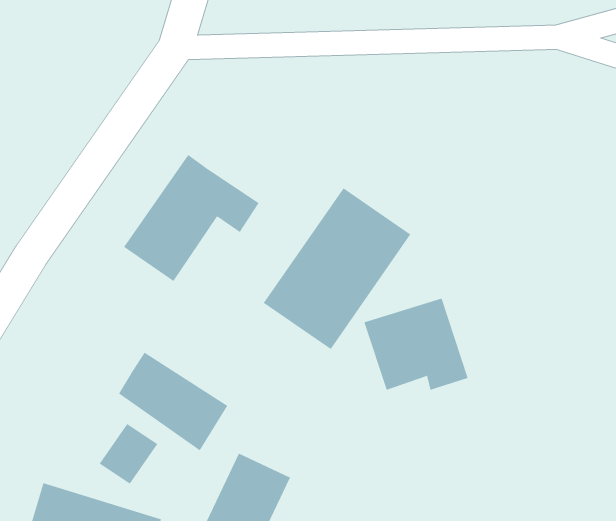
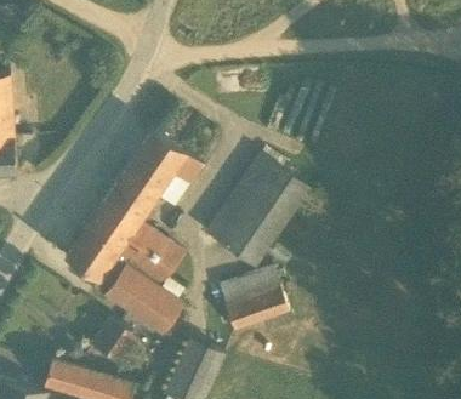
building: none -> [64,194,184,296]
building: [364,298,468,390] -> [218,267,291,331]

